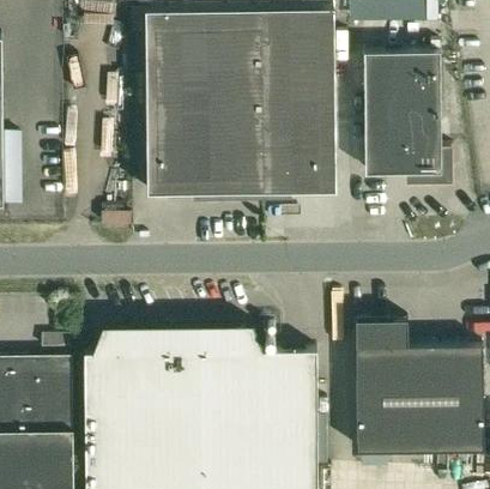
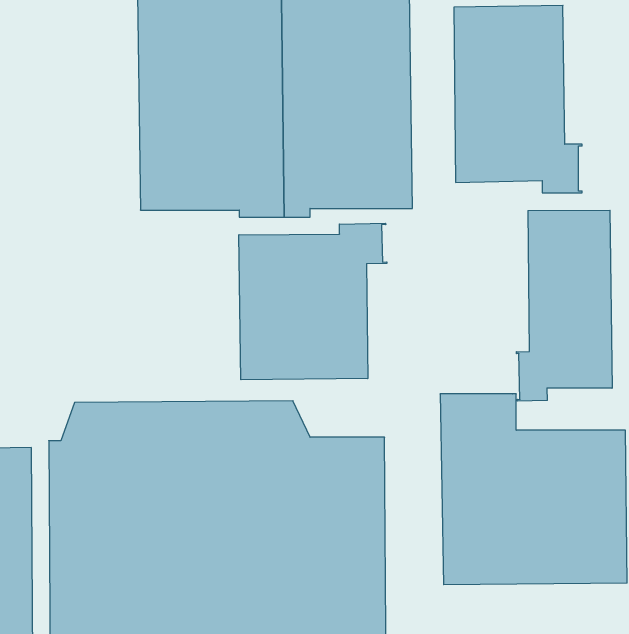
building: none -> [516,210,612,401]
building: none -> [239,223,387,380]

